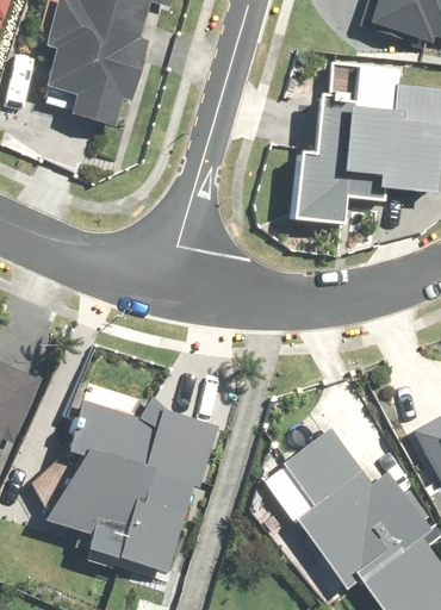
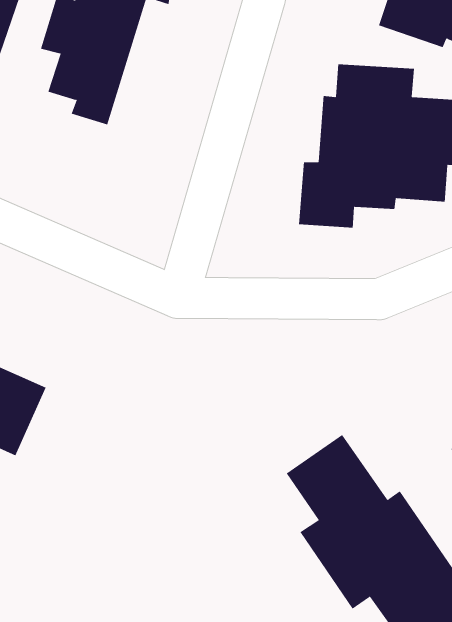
building: [43,400,217,581] -> none

